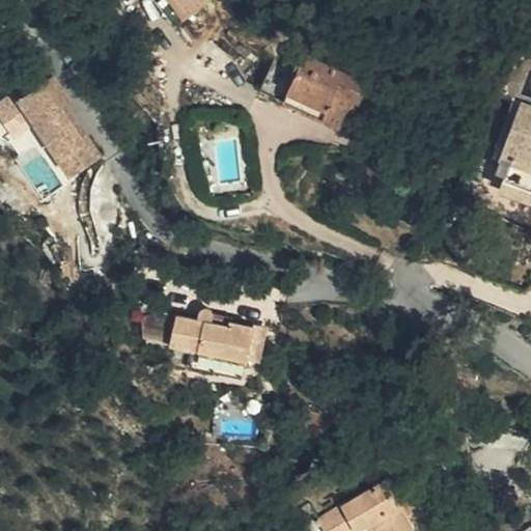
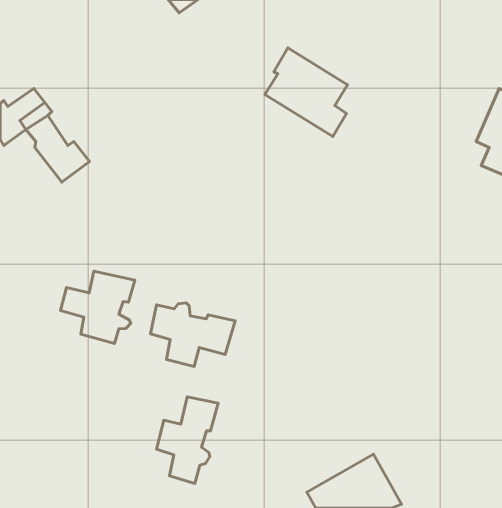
building: none -> [61,271,135,344]
building: none -> [157,397,218,484]

